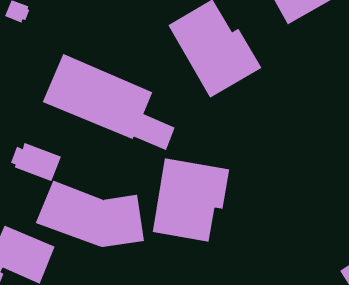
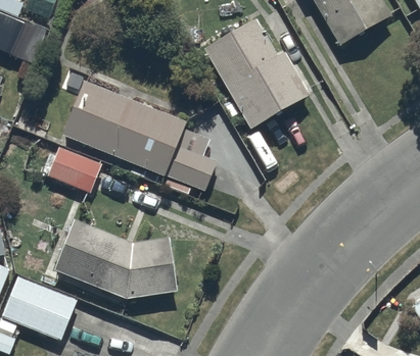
building: [10,142,62,182] -> [43,146,101,191]
building: [152,158,230,243] -> none

